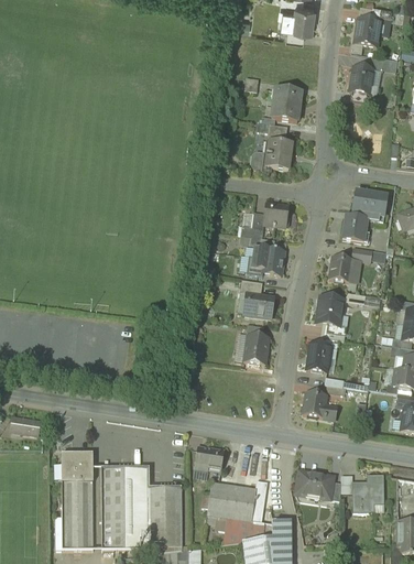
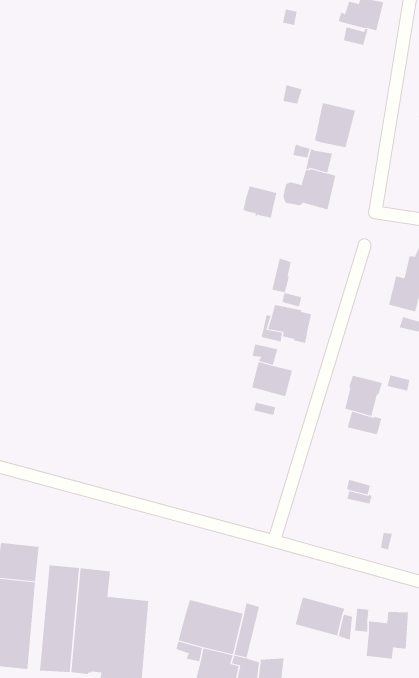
building: [263,203,288,226] -> [242,186,277,218]
building: [329,256,360,281] -> none
building: [244,334,269,364] -> none
building: [307,343,330,371] -> none
building: [303,391,336,419] -> none
building: [195,446,225,471] -> none

